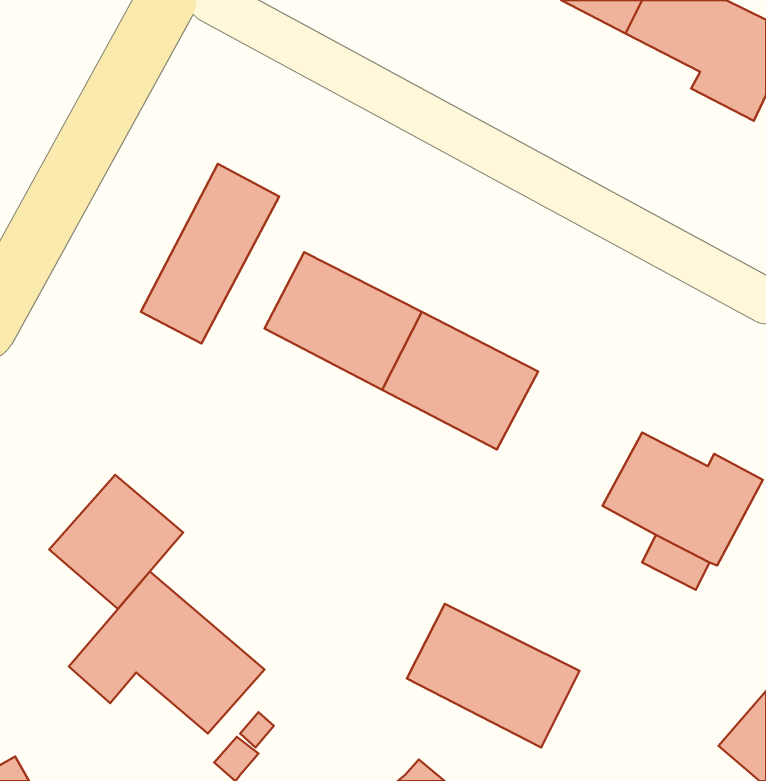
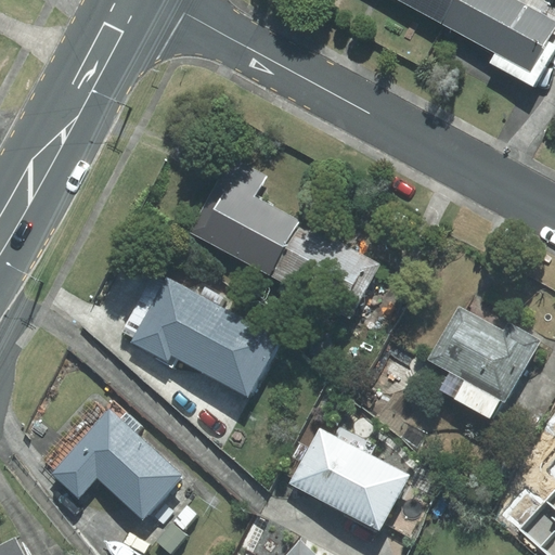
building: [141,164,279,343] -> none
building: none -> [130,275,285,397]
building: [49,475,183,609] -> none

